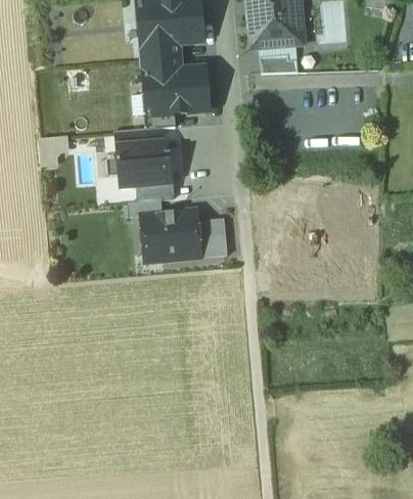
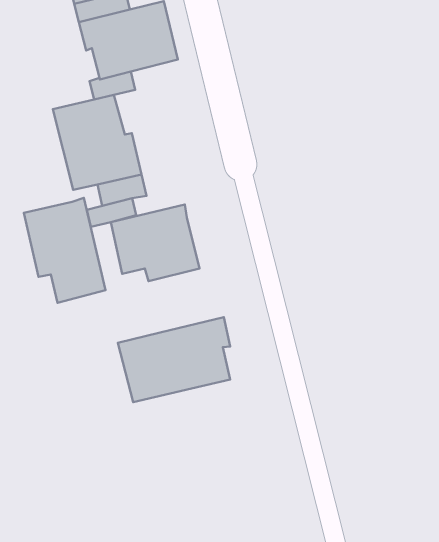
building: none -> [24,198,105,303]
building: [197,219,228,258] -> none
building: none -> [118,317,230,402]

